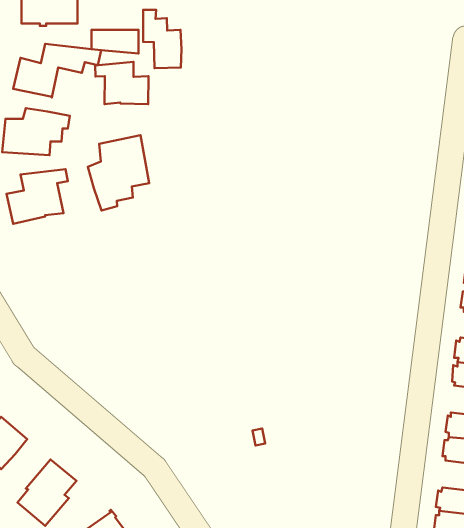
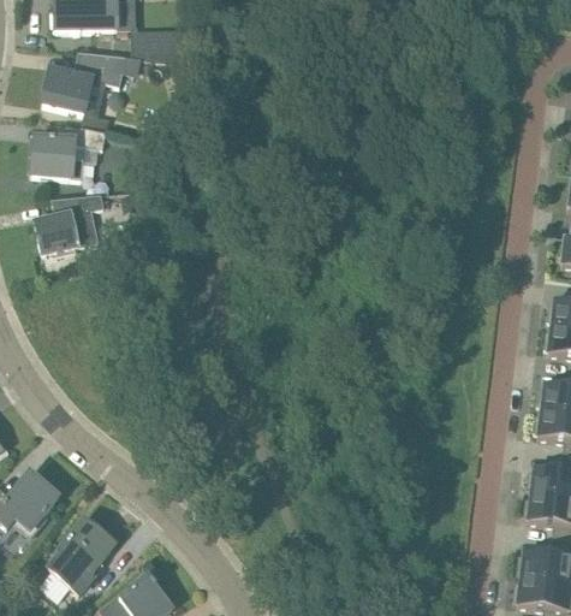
building: [143,10,181,68] -> none
building: [95,62,148,104] -> none
building: [88,135,149,211] -> none

